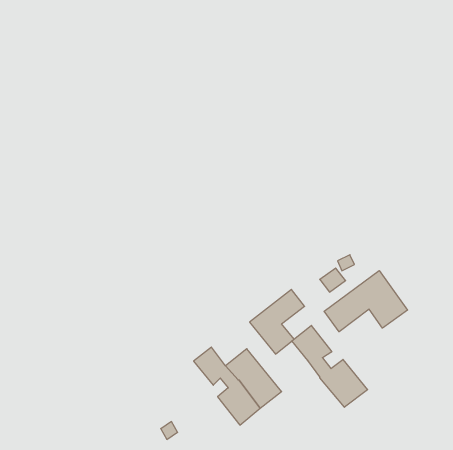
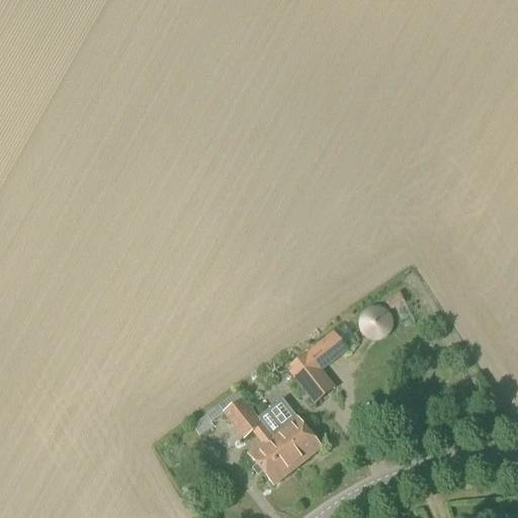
building: [324,271,408,332] -> none
building: [292,325,368,407] -> none

